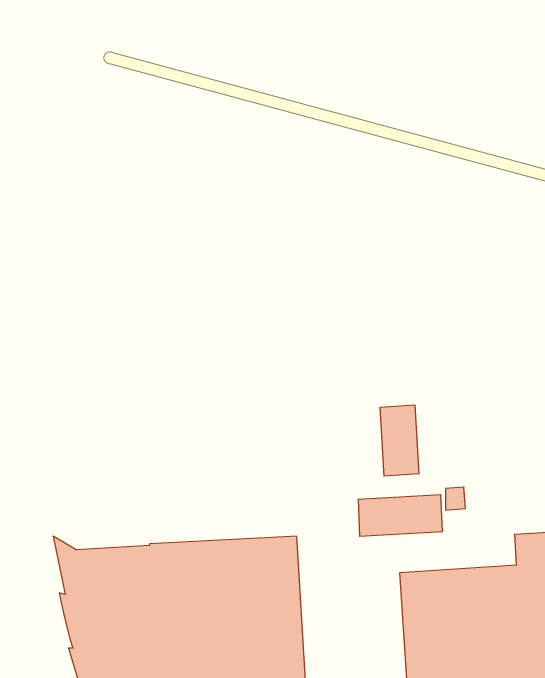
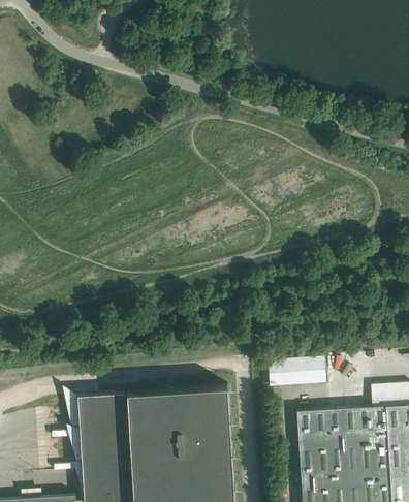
building: [380,405,419,476] -> none

